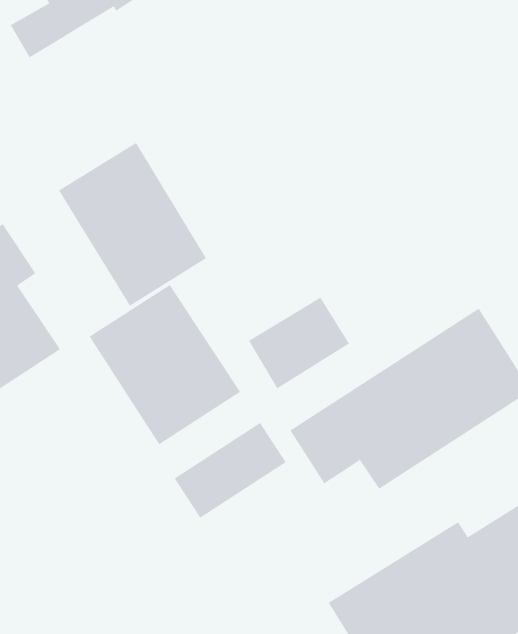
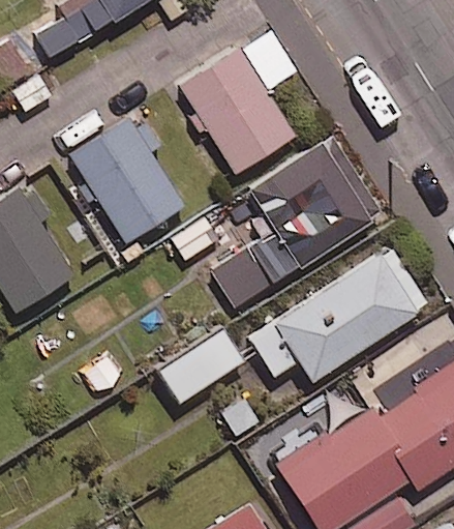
building: none -> [180,30,295,174]
building: none -> [253,138,383,267]
building: [89,284,241,445] -> none

